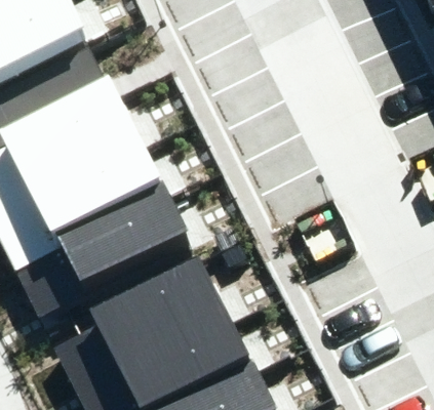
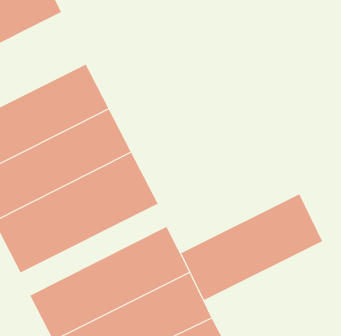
building: none -> [181,193,323,301]

